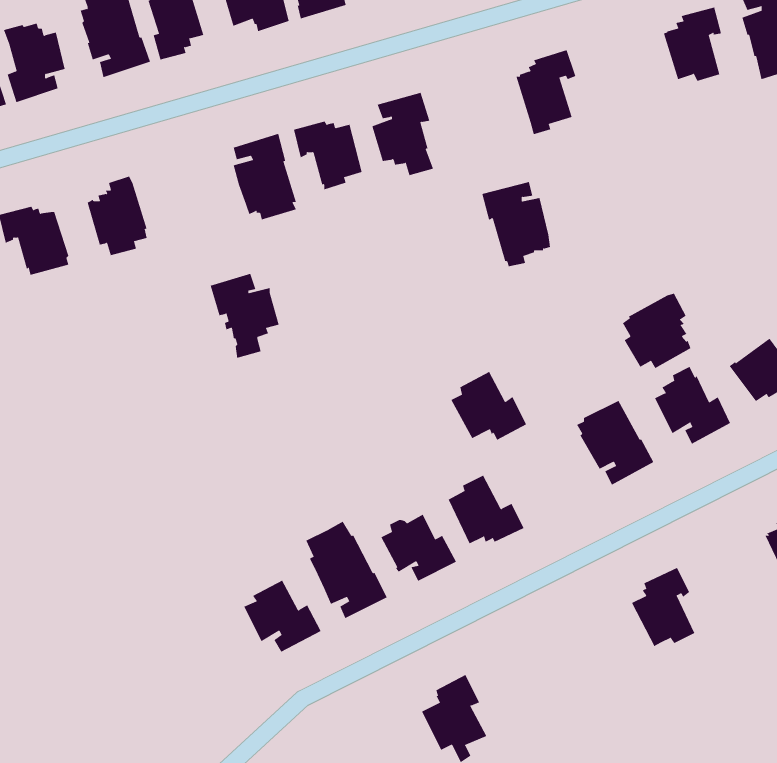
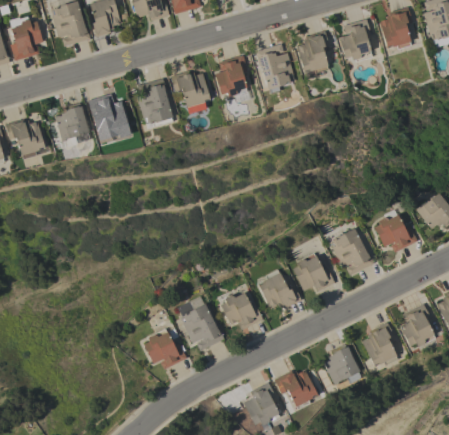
building: none -> [338,19,372,63]
building: [481,181,551,267] -> [255,44,294,92]
building: [210,273,279,359] -> [88,93,127,141]
building: [622,293,691,369] -> none
building: [450,371,527,441] -> [292,253,335,292]
building: none -> [399,304,435,347]
building: none -> [322,344,360,385]
building: none -> [274,370,318,410]

